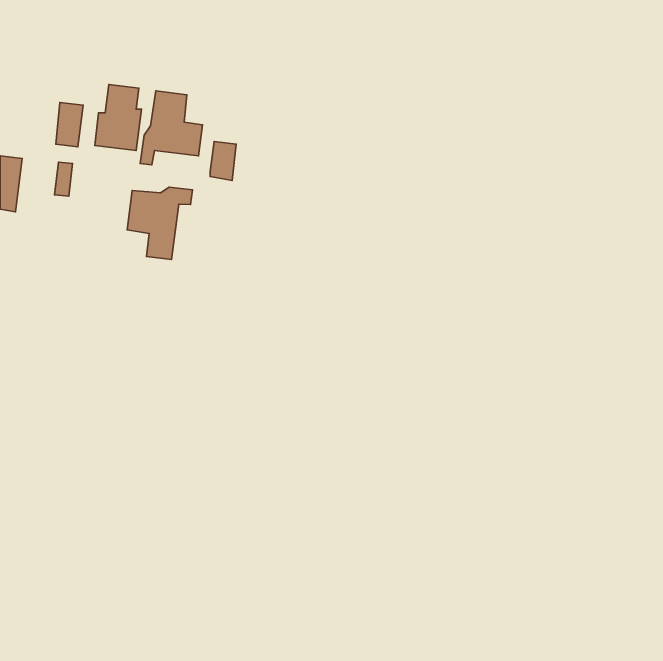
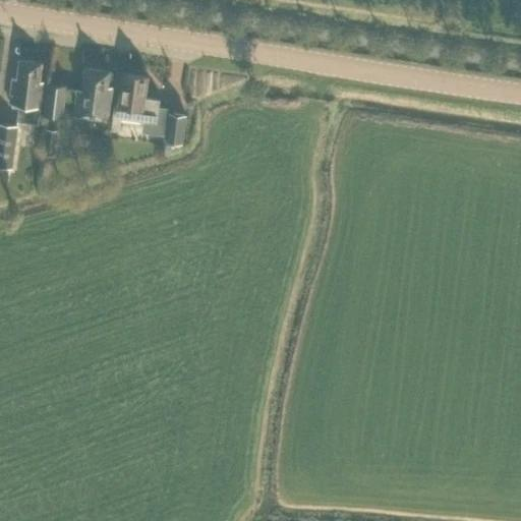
building: none -> [9,60,44,122]
building: [127,187,192,260] -> none

